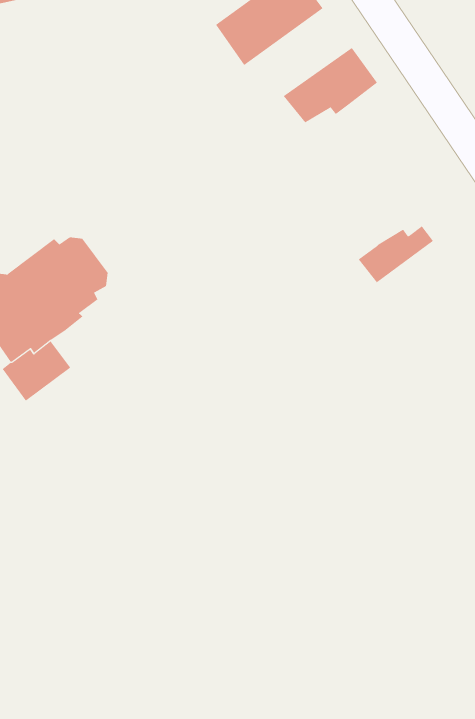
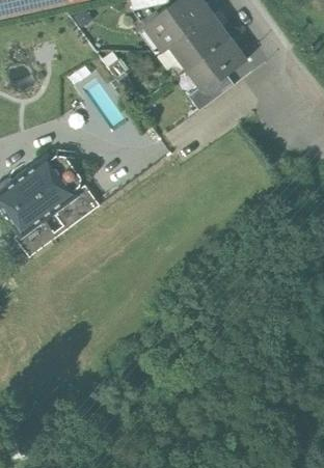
building: none -> [170,15,230,68]
building: [358,226,434,283] -> [188,74,235,109]
building: none -> [54,184,100,227]

